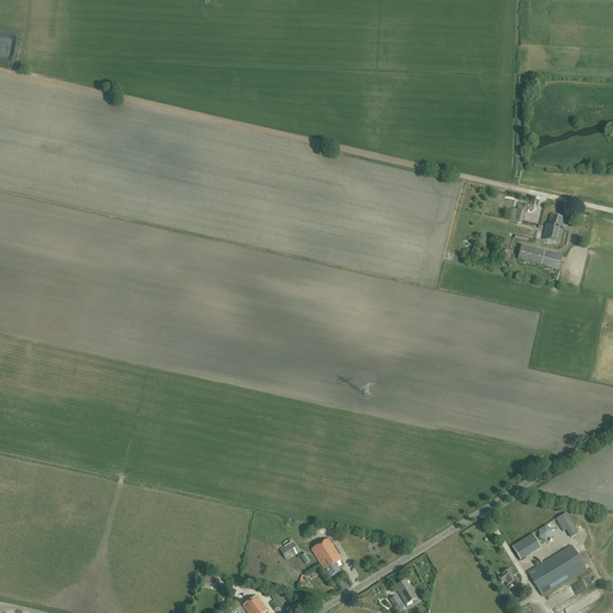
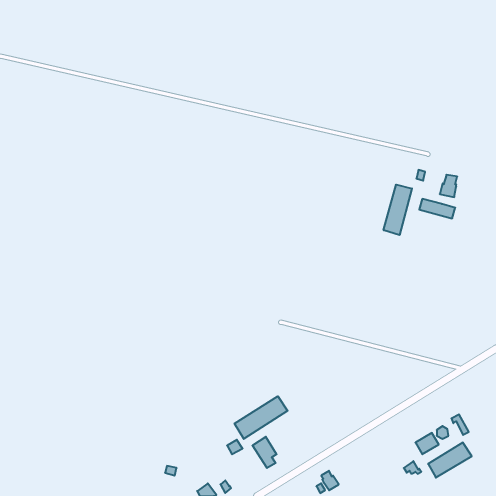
building: none -> [384,185,412,235]
building: none -> [235,396,288,439]

